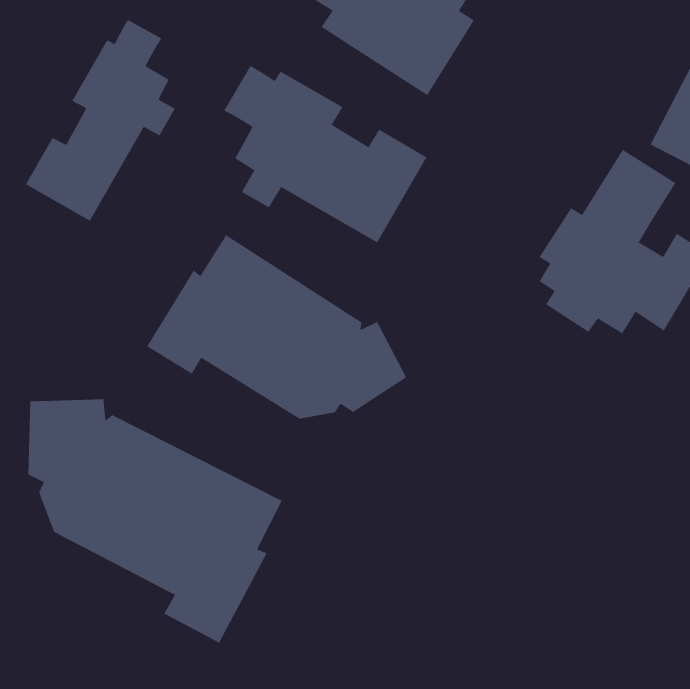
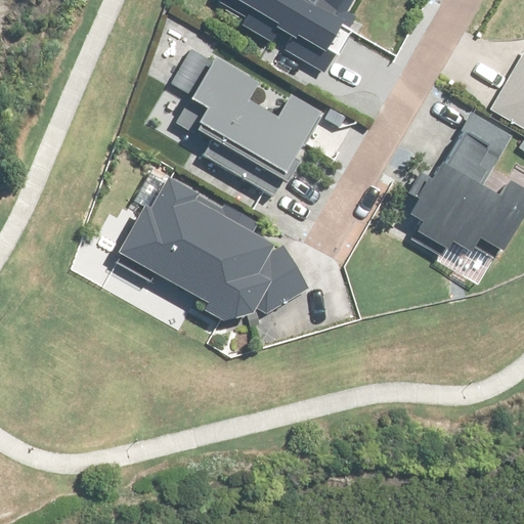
building: [25,19,176,222] -> none
building: [27,398,283,644] -> none

